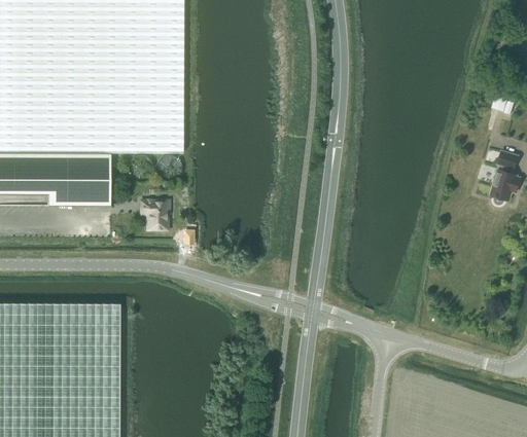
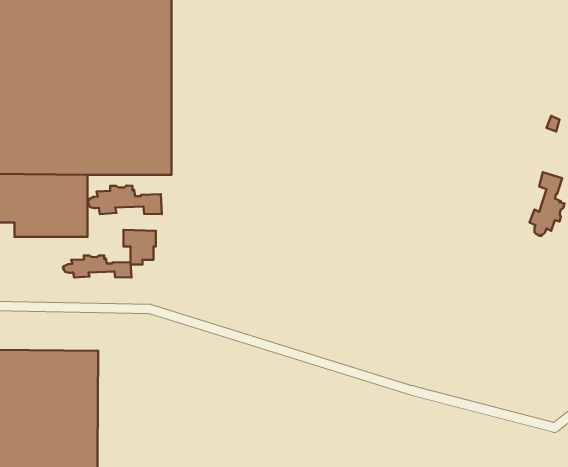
building: none -> [87,186,162,214]
building: none -> [63,255,132,277]

